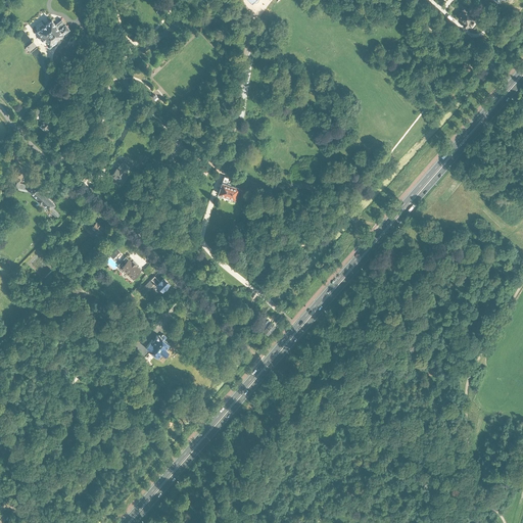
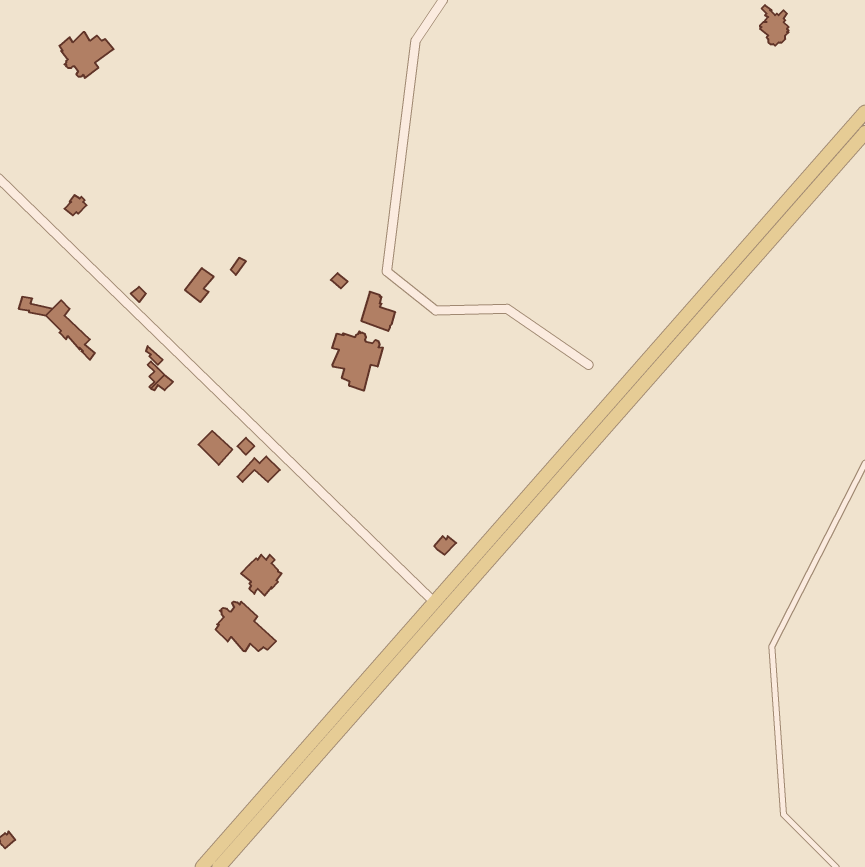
building: none -> [332,331,383,391]
building: none -> [216,602,276,651]

